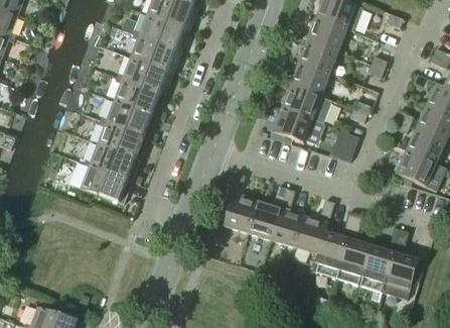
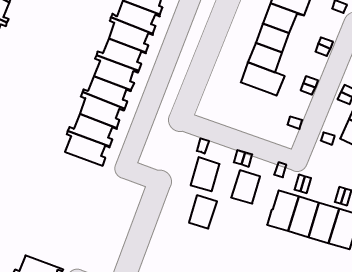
building: [273,107,312,142] -> none
building: [249,201,281,239] -> [189,195,217,229]
building: [295,215,328,253] -> none

